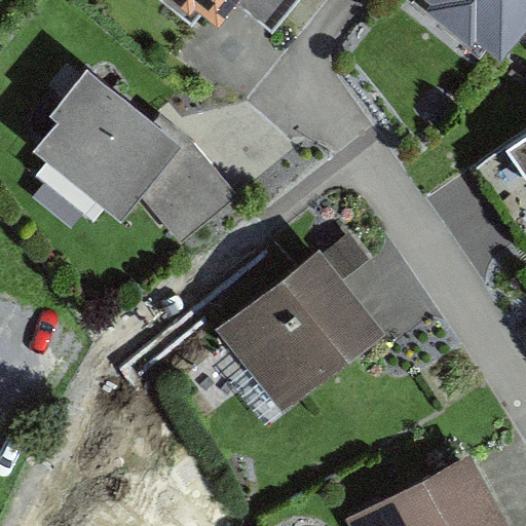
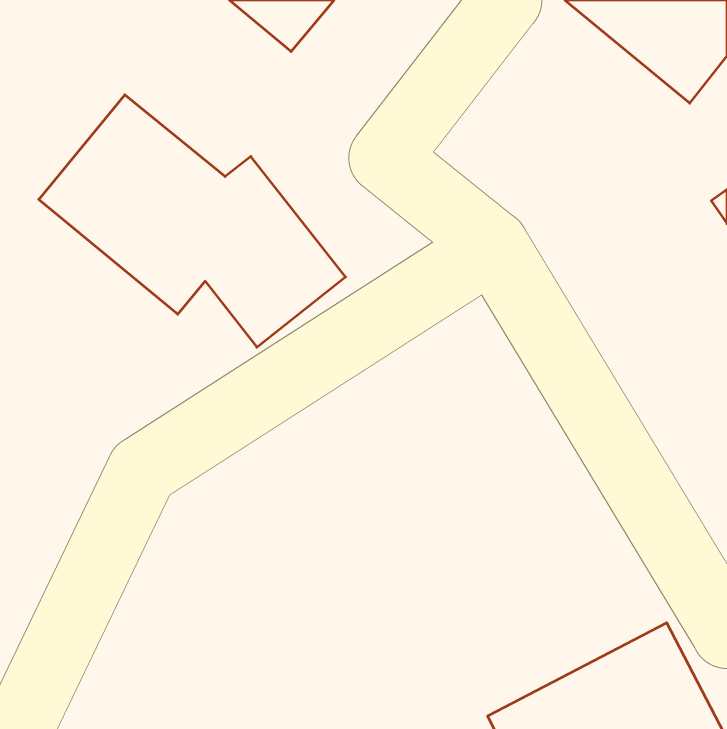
building: [200,235,418,419] -> none

